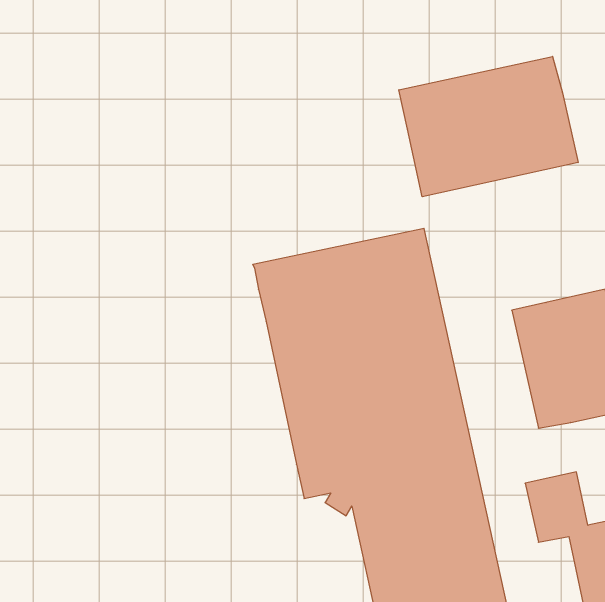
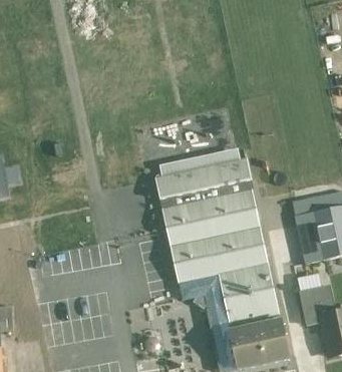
building: [399,56,578,197] -> none

